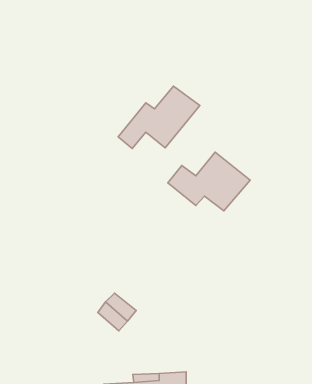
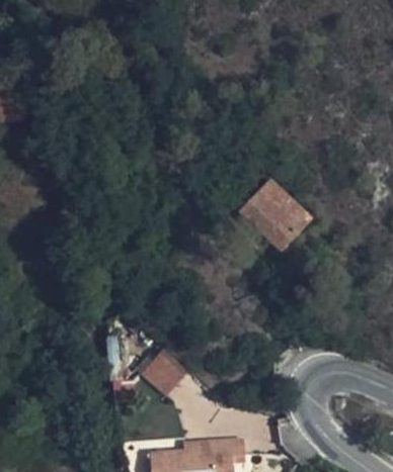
building: [118,86,200,148] -> none

